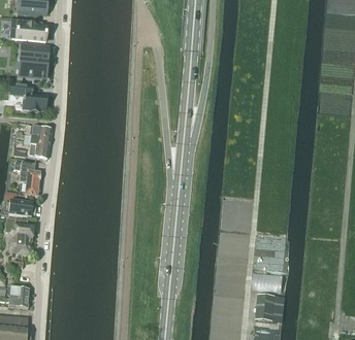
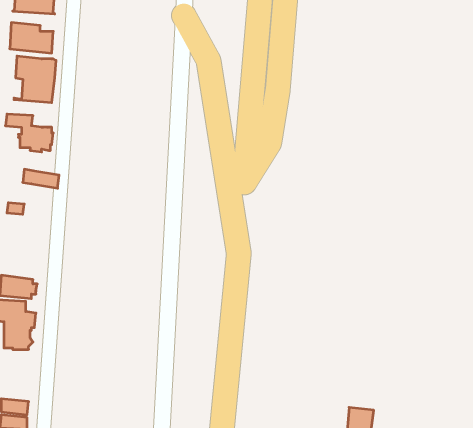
building: [28,134,50,158] -> none
building: [13,160,39,195] -> none

